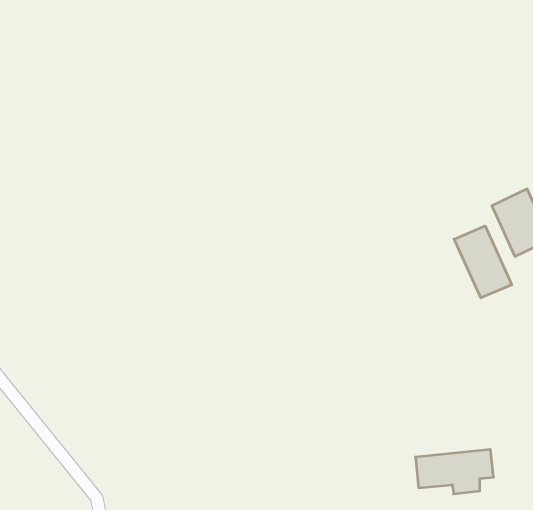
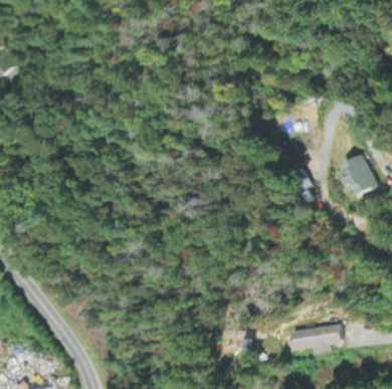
building: [454,226,512,298] -> none

